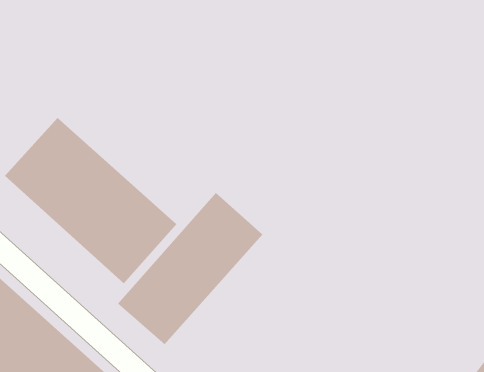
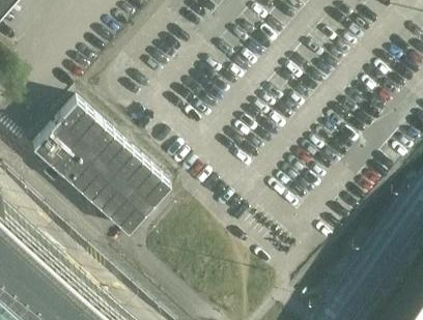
building: [117,192,263,345] -> none

